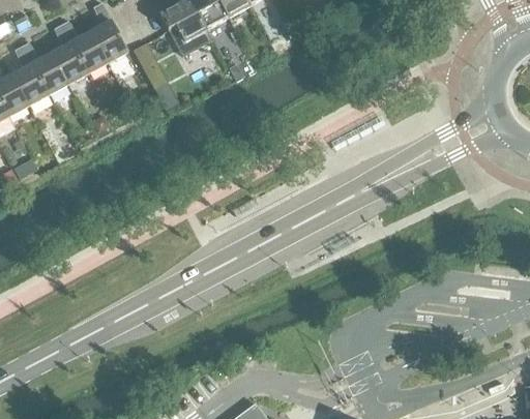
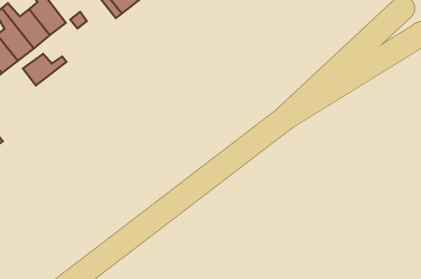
building: none -> [23,54,66,86]

